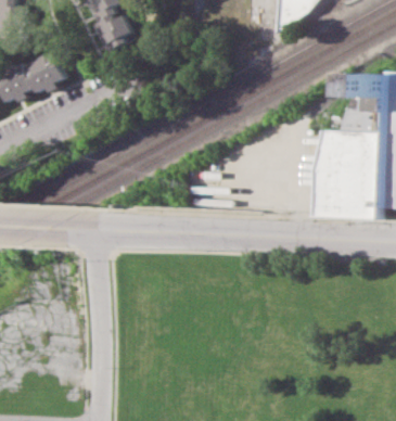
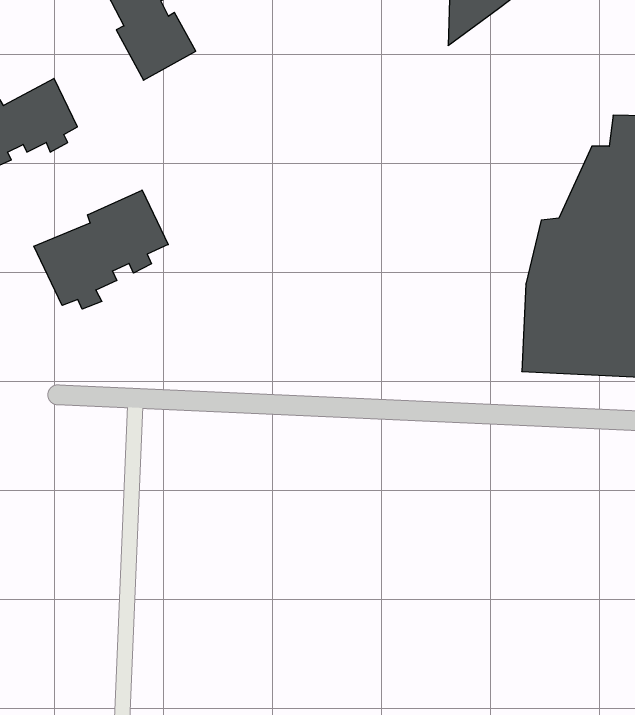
building: none -> [34,190,168,309]

